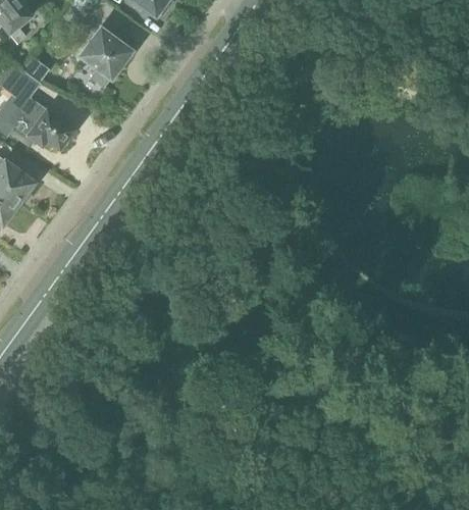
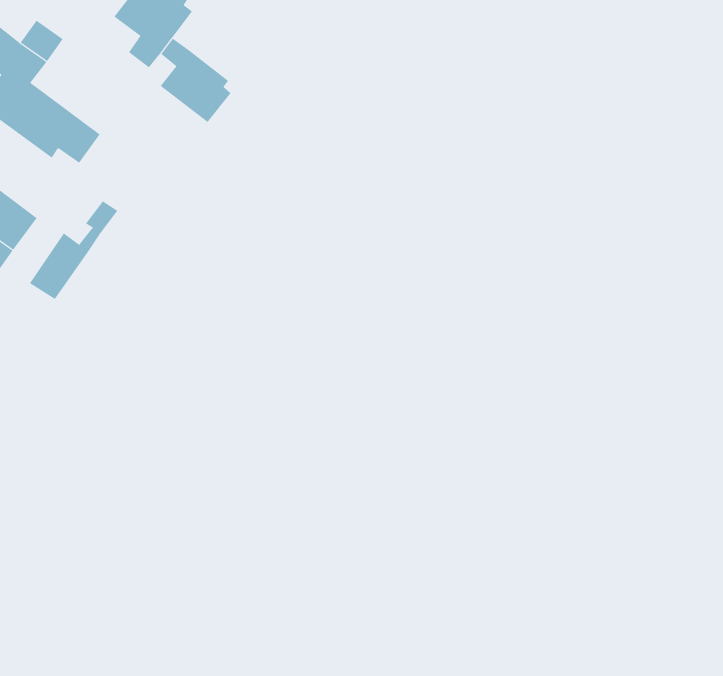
building: none -> [160,38,231,123]
building: none -> [29,201,118,300]

